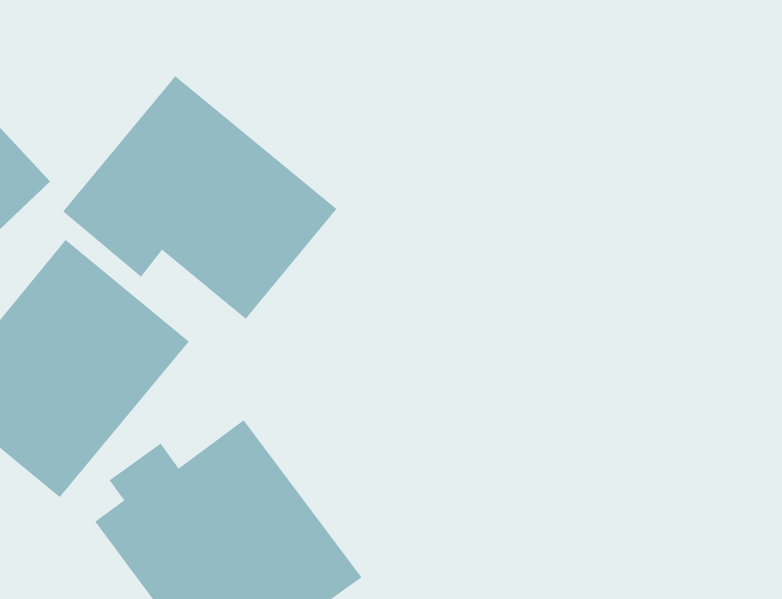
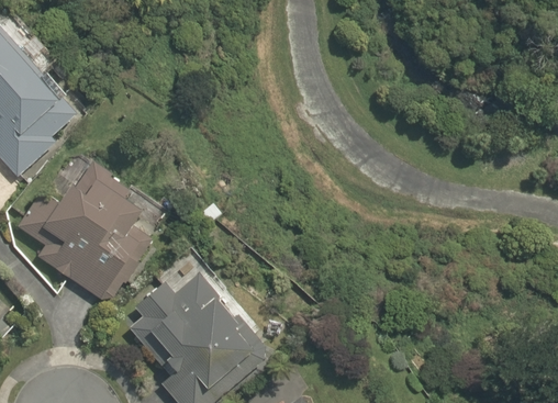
building: [62,75,338,320] -> none

